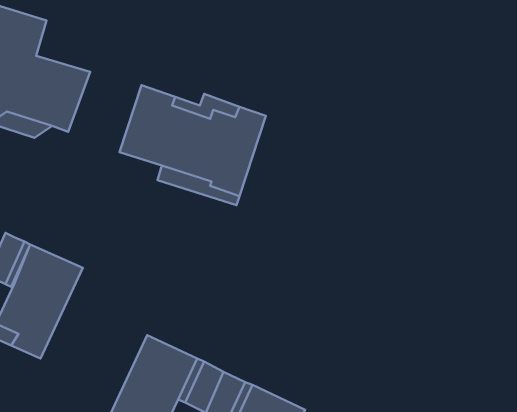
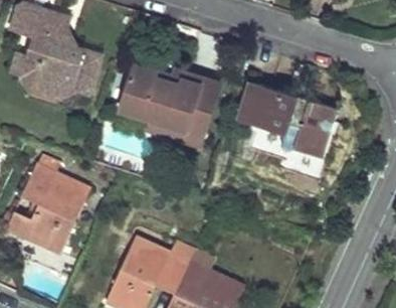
building: none -> [239,82,333,156]

